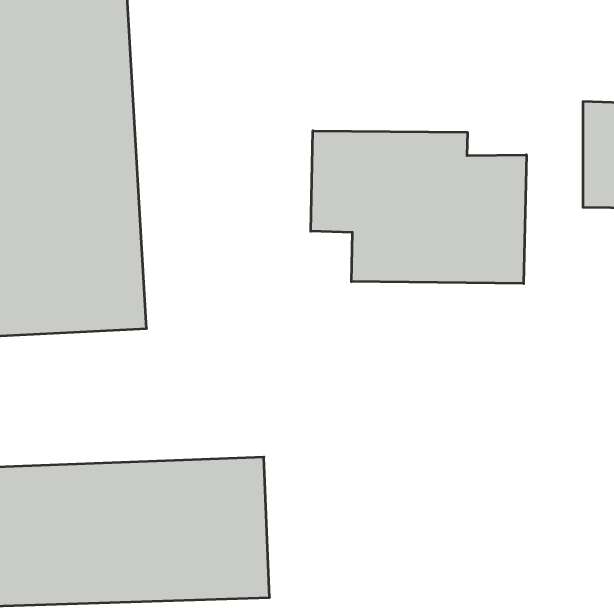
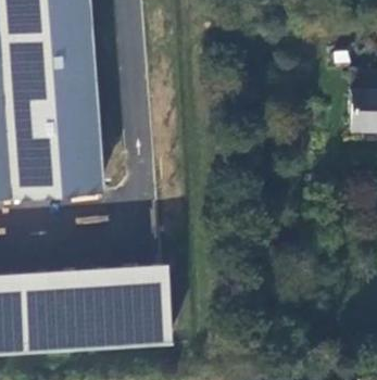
building: [311,131,526,284] -> none

